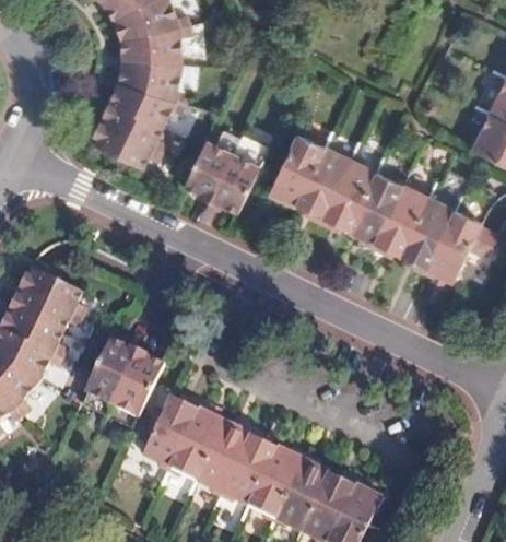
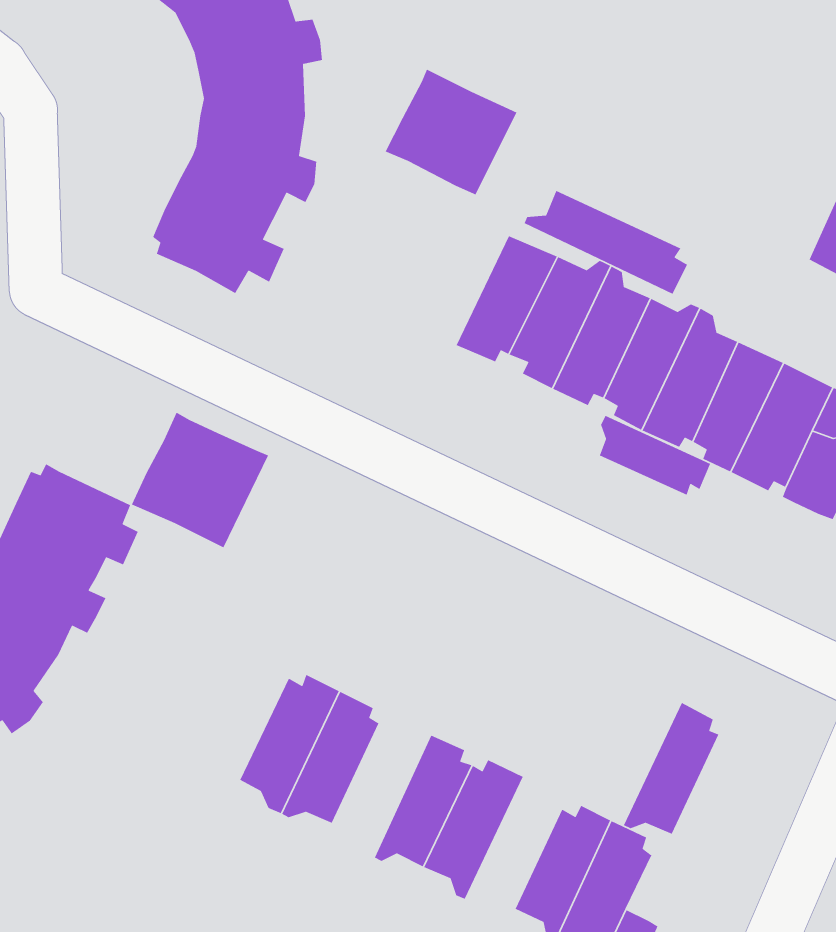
building: none -> [524,190,688,295]
building: [184,141,260,214] -> [385,68,517,196]
building: none -> [599,415,711,496]
building: [83,341,163,420] -> [131,412,269,548]
building: [196,414,252,495] -> none
building: [272,448,328,525] -> [623,702,720,835]

